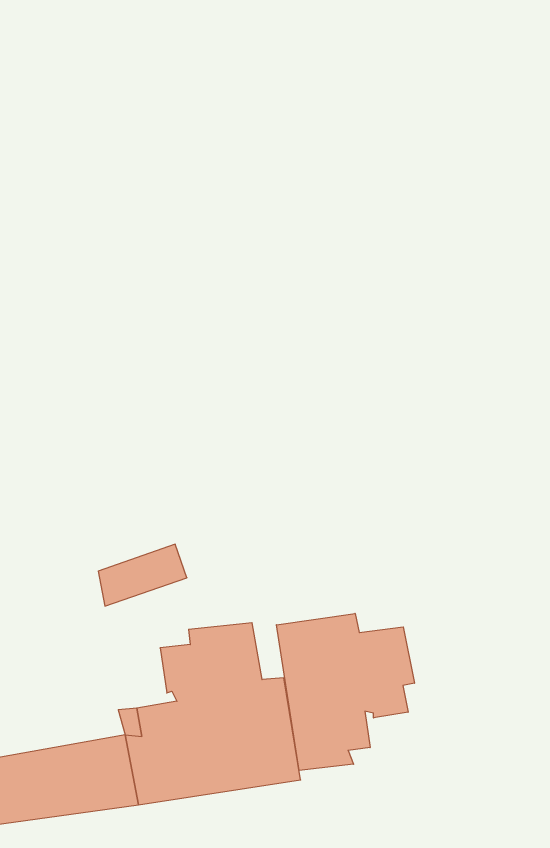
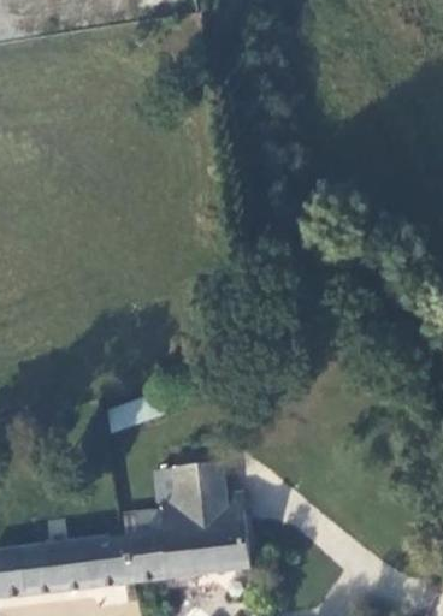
building: [276,613,414,770] -> none

